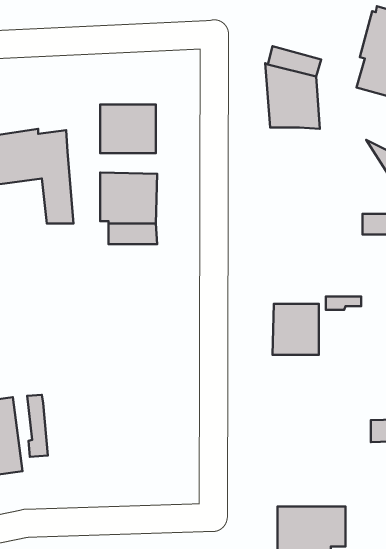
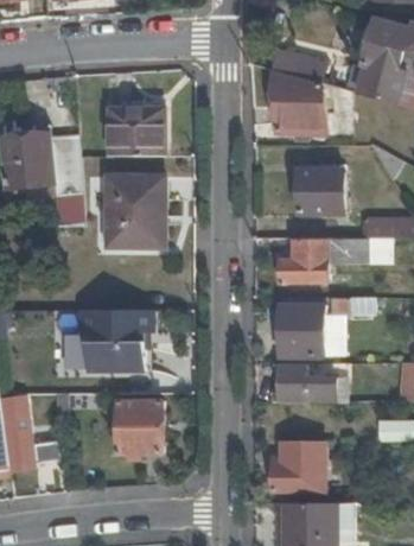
building: none -> [297,171,343,214]
building: none -> [279,237,363,281]
building: none -> [83,310,151,376]
building: none -> [272,363,333,402]
building: none -> [116,402,160,455]
building: none -> [272,439,323,490]

